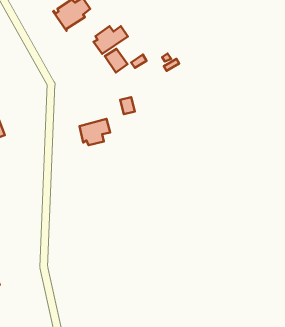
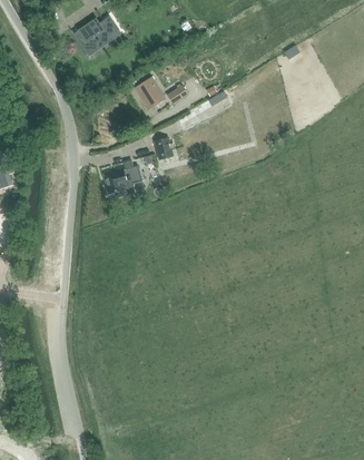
building: [93,26,128,54] -> none

